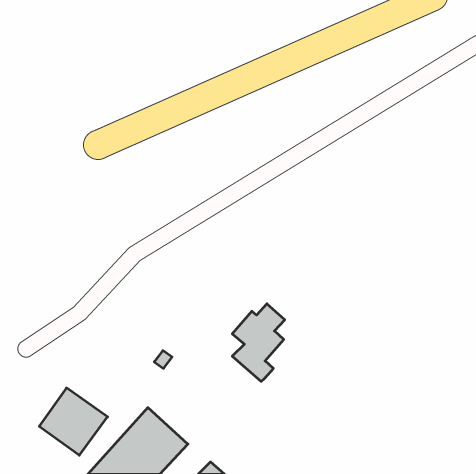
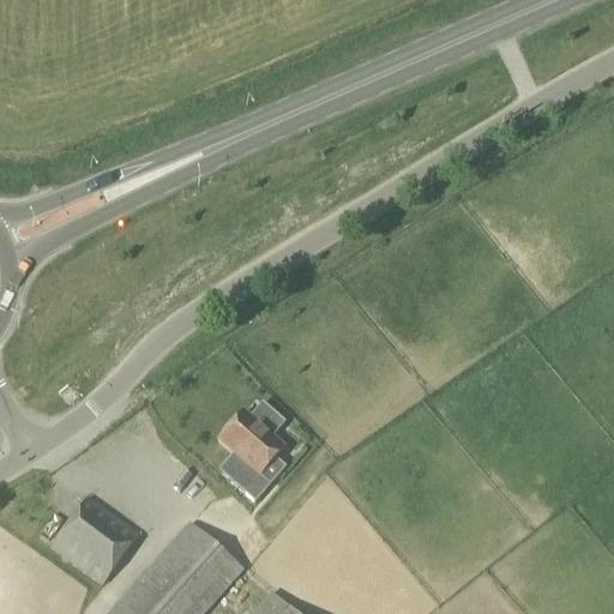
building: [232,304,285,381] -> [219,402,287,501]

